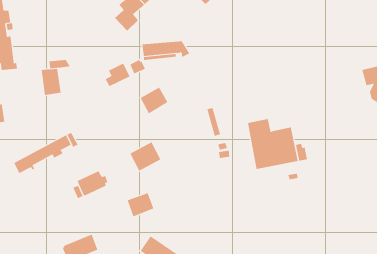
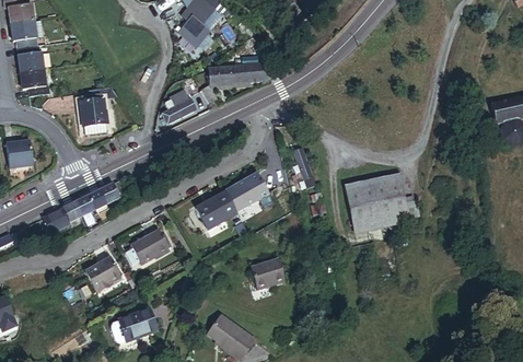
building: [140,87,168,114] -> [232,173,268,208]
building: [127,192,154,217] -> [251,258,286,290]
building: none -> [88,257,125,294]

